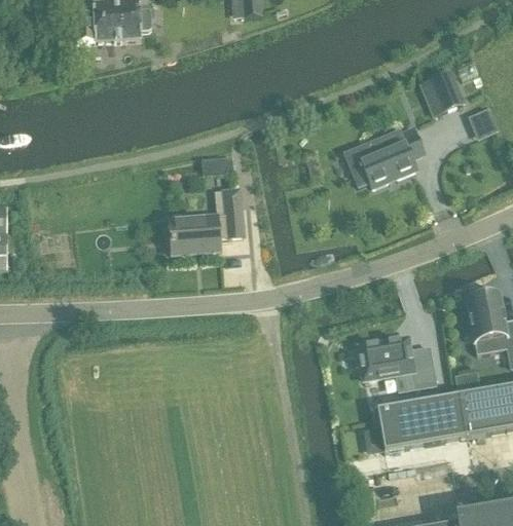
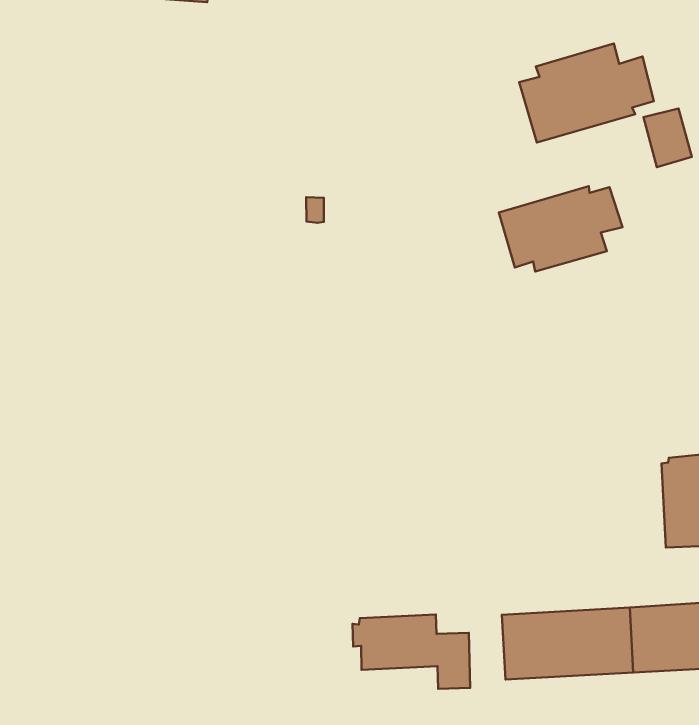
building: none -> [519,43,654,143]
building: [169,187,244,253] -> none
building: [354,337,434,384] -> [353,614,470,689]

